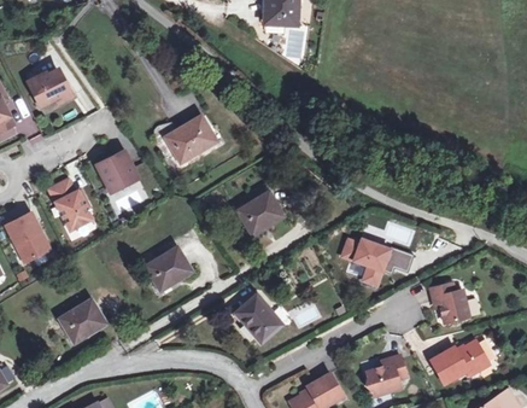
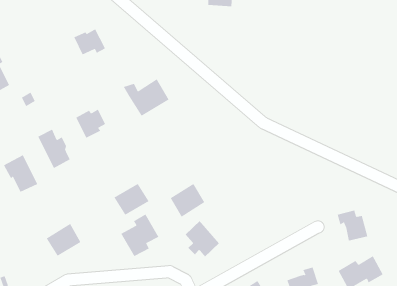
building: [30,70,71,104] -> [74,29,106,55]
building: [239,191,283,234] -> [170,183,205,217]
building: [344,239,411,282] -> none
building: none -> [121,214,159,257]

